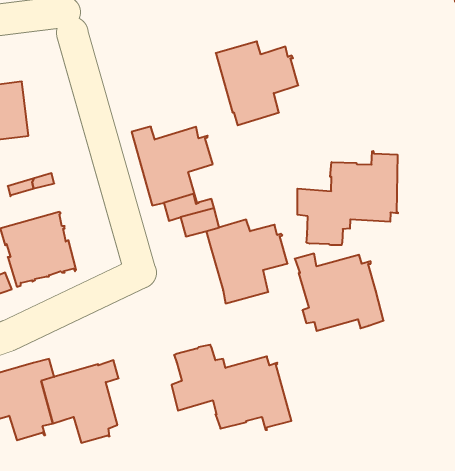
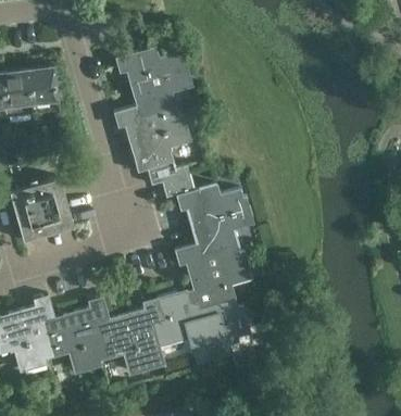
building: [216,41,298,125] -> [121,48,190,118]
building: none -> [27,66,59,115]
building: [297,151,398,245] -> none
building: [295,254,384,331] -> [180,245,255,311]
building: none -> [98,306,165,375]

